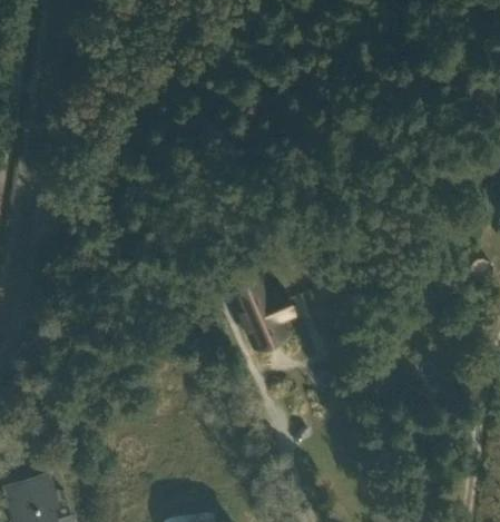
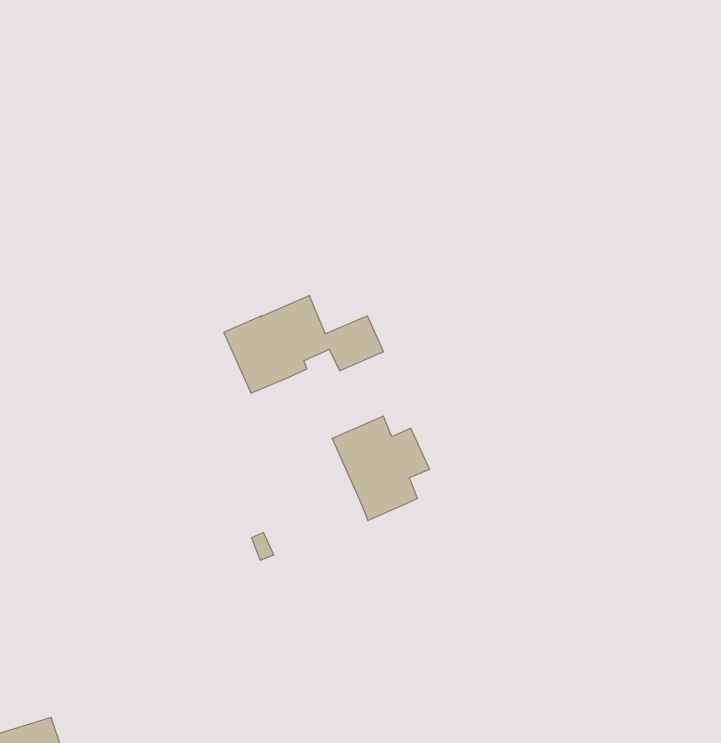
building: none -> [224,295,383,393]

